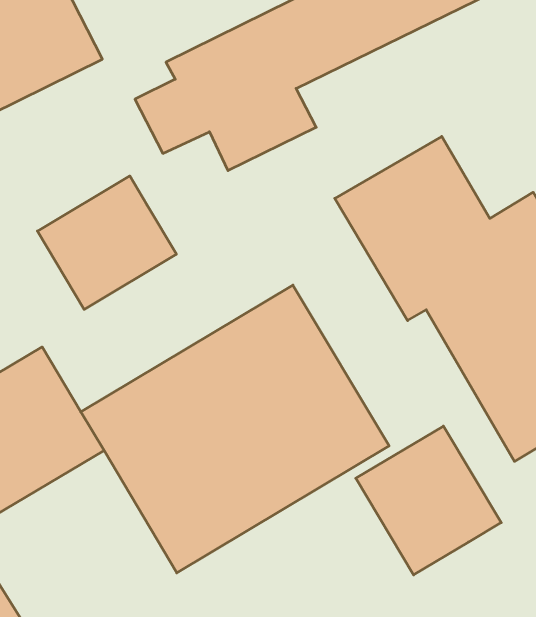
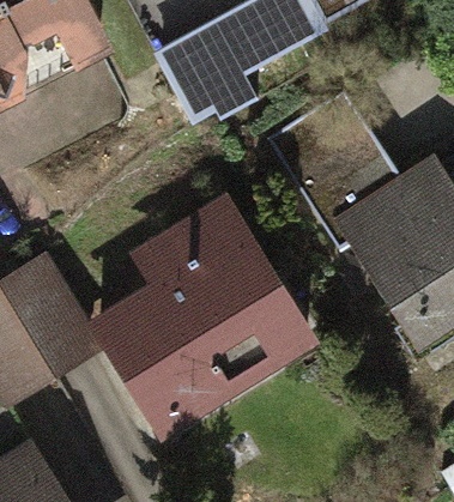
building: [37,176,176,309] -> none
building: [356,426,501,575] -> none

